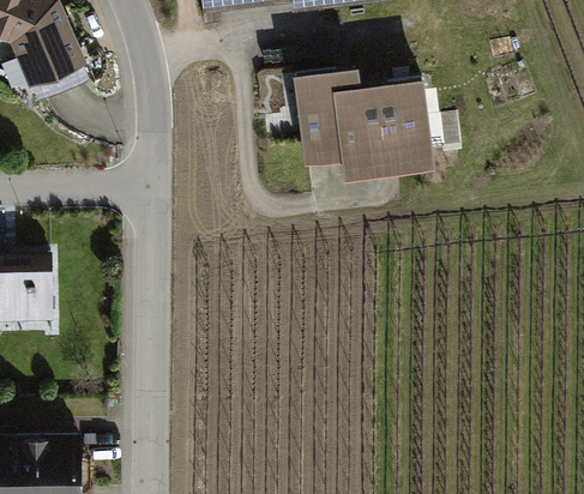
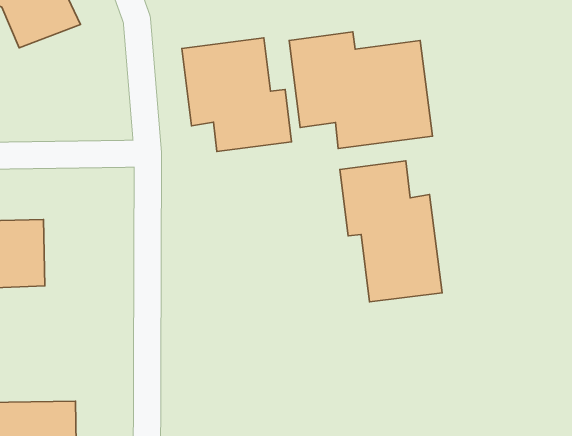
building: none -> [182,38,292,151]
building: none -> [340,161,442,302]

